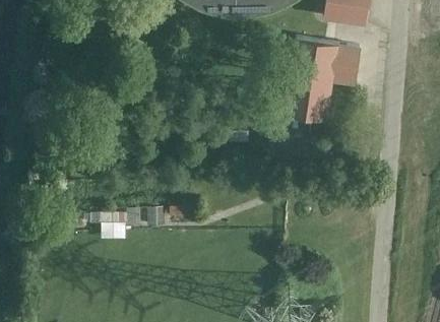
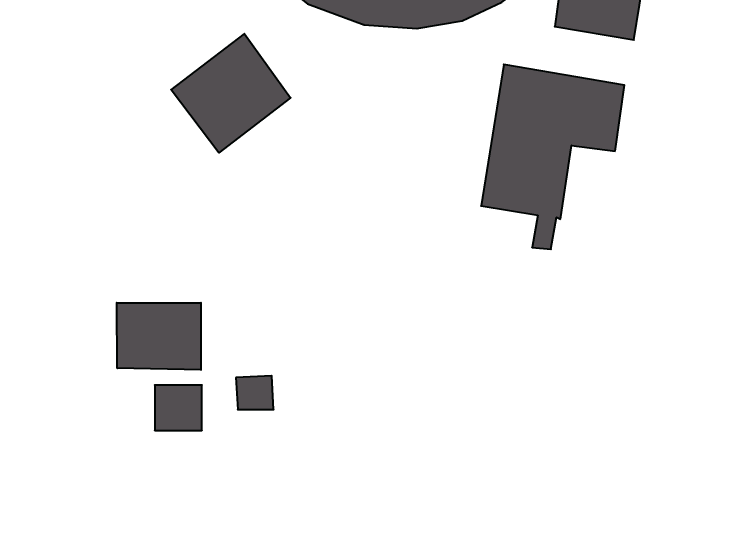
building: none -> [171,34,291,153]
building: none -> [117,303,201,370]

